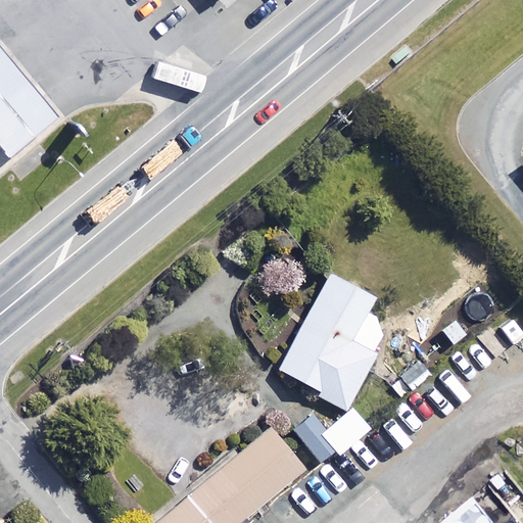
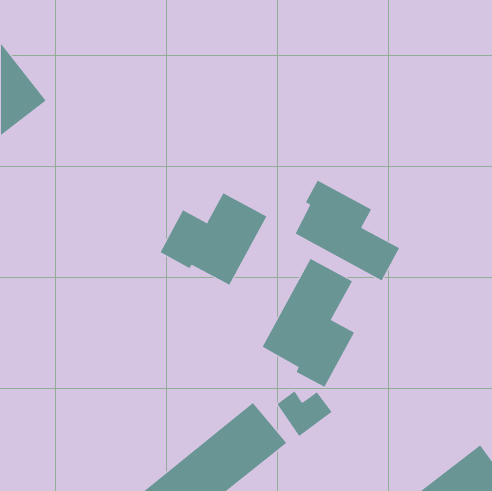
building: none -> [295,180,400,281]
building: none -> [160,192,267,285]

